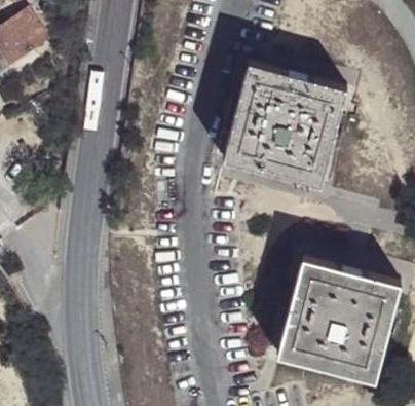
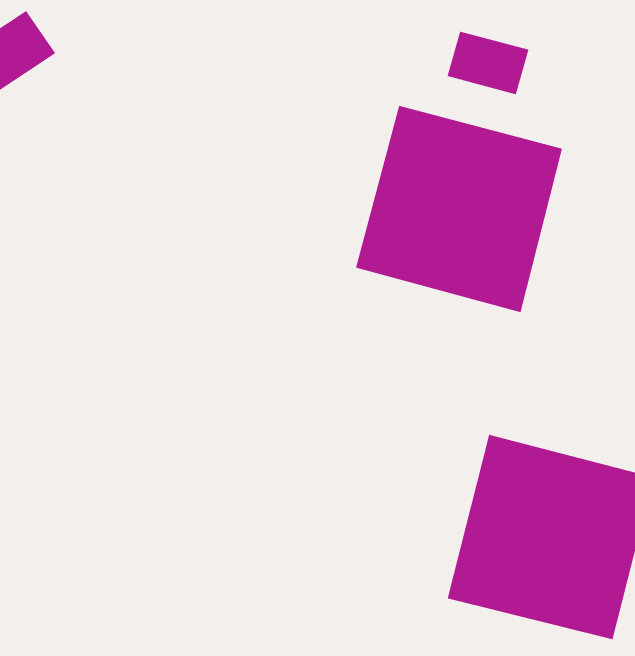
building: none -> [447,31,529,95]

